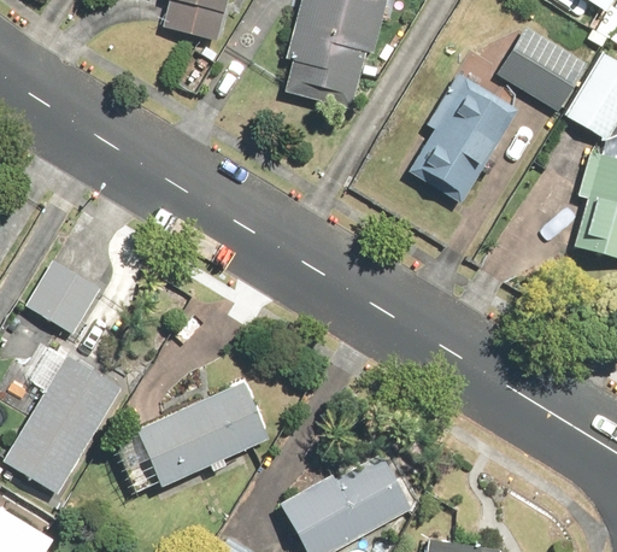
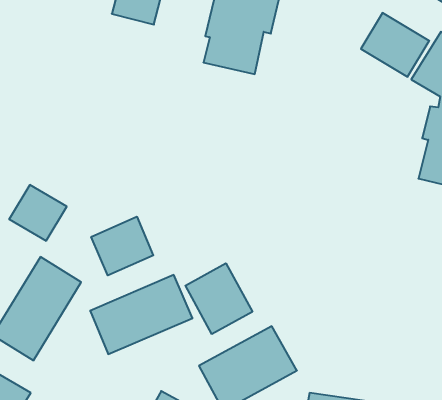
building: [406,78,518,205] -> none
building: none -> [91,217,153,275]
building: none -> [185,263,252,334]

